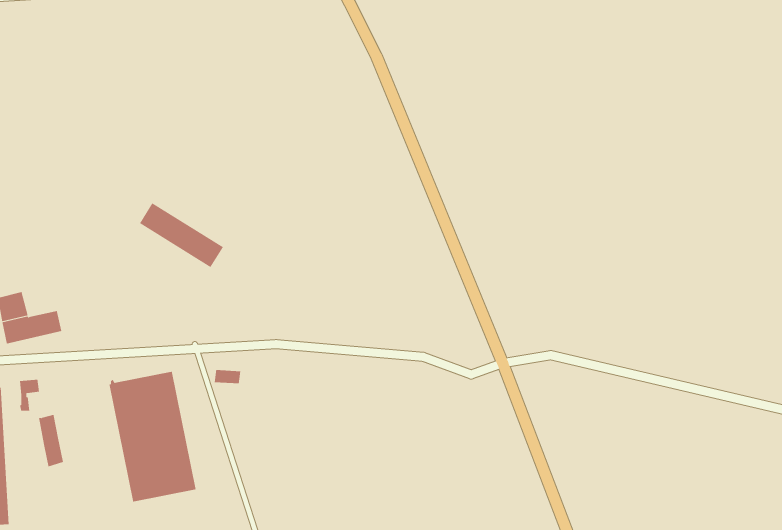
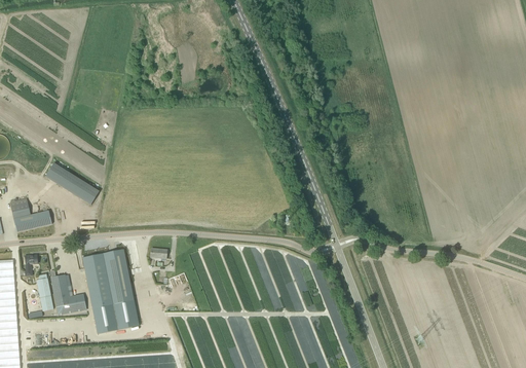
building: [139,202,224,268] -> [44,162,99,205]
building: none -> [49,274,85,314]

